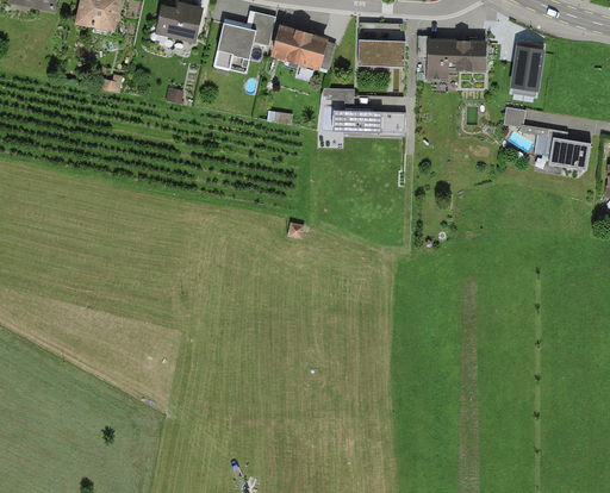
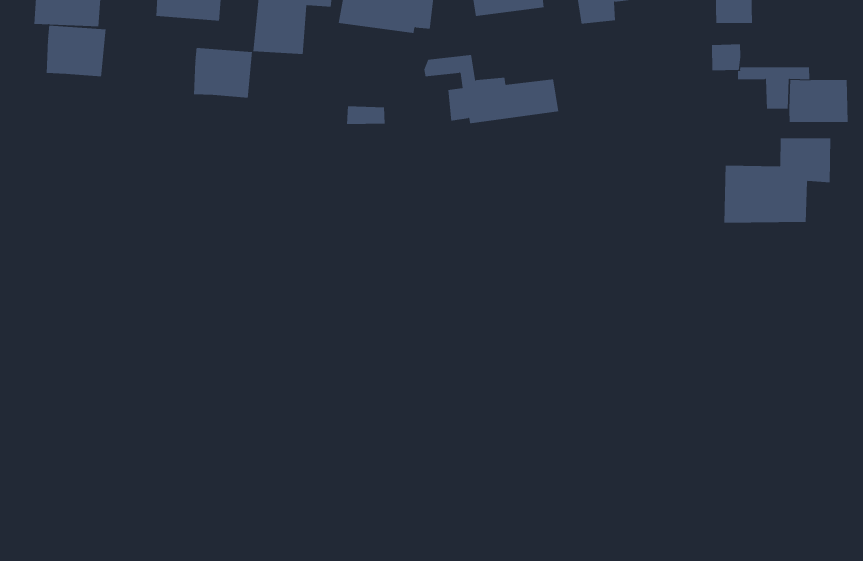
building: none -> [46,25,106,77]
building: none -> [193,47,253,98]
building: none -> [724,137,831,223]

